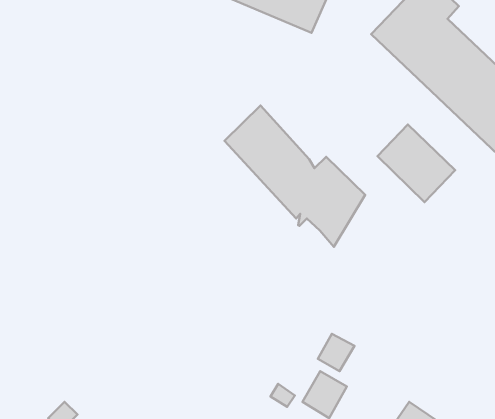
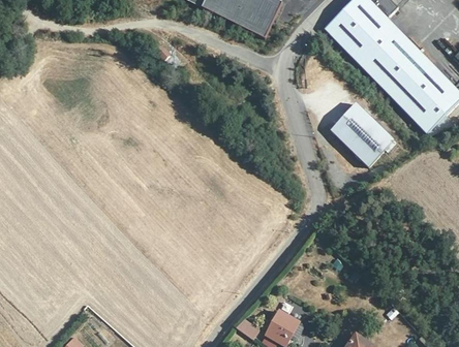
building: [224,105,365,247] -> none
building: [318,334,354,371] -> none

